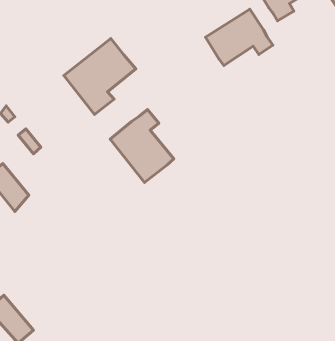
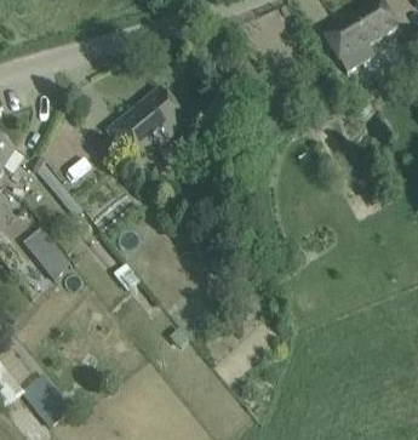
building: [205,9,273,65] -> none
building: [110,109,174,182] -> none

